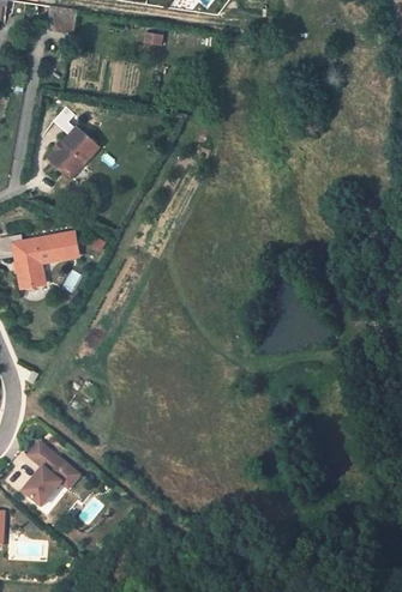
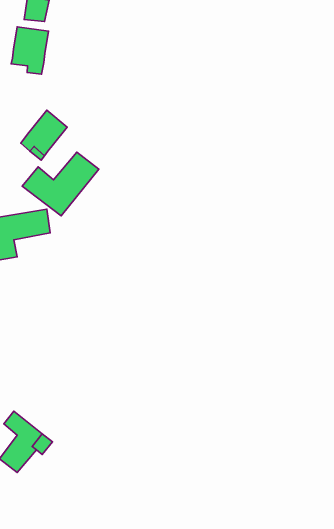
building: none -> [11,27,48,74]
building: none -> [22,152,99,216]

